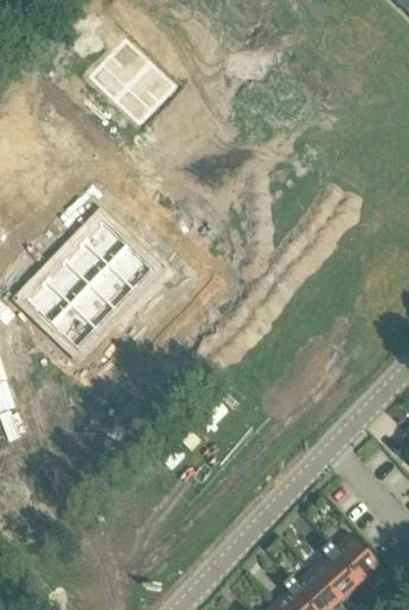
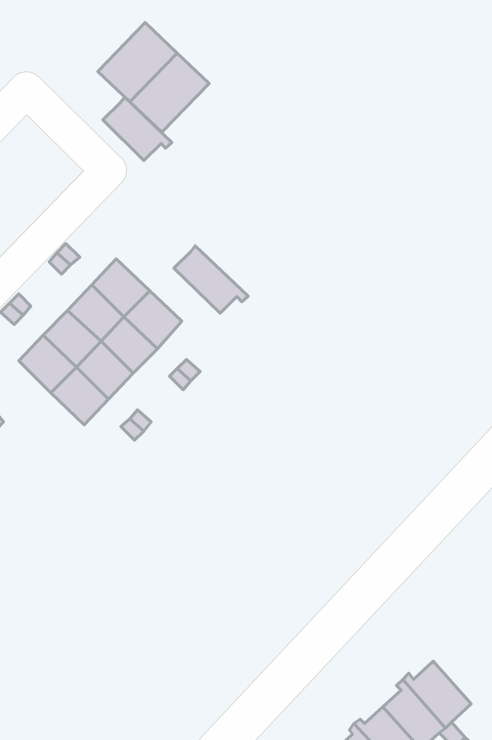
building: none -> [103,97,172,160]
building: none -> [174,246,248,313]

